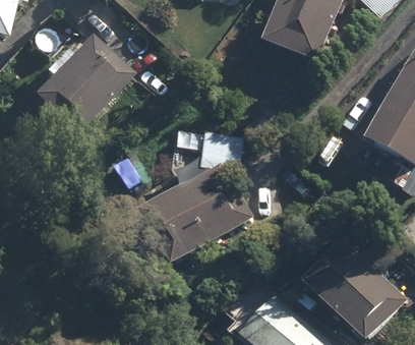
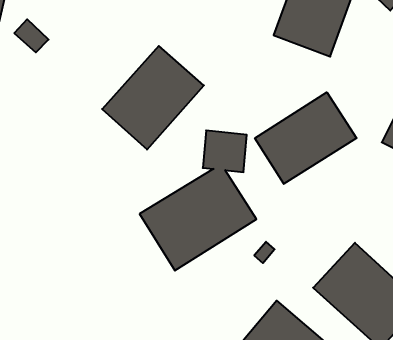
building: [33,35,129,133] -> [102,46,204,150]
building: none -> [255,92,357,184]

